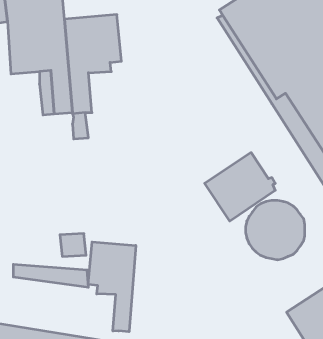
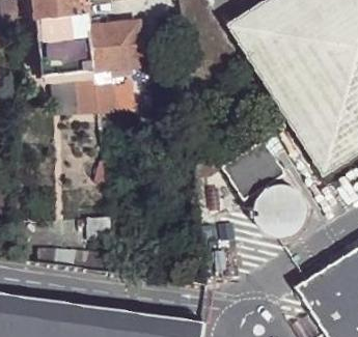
building: [88,242,136,332] -> none

